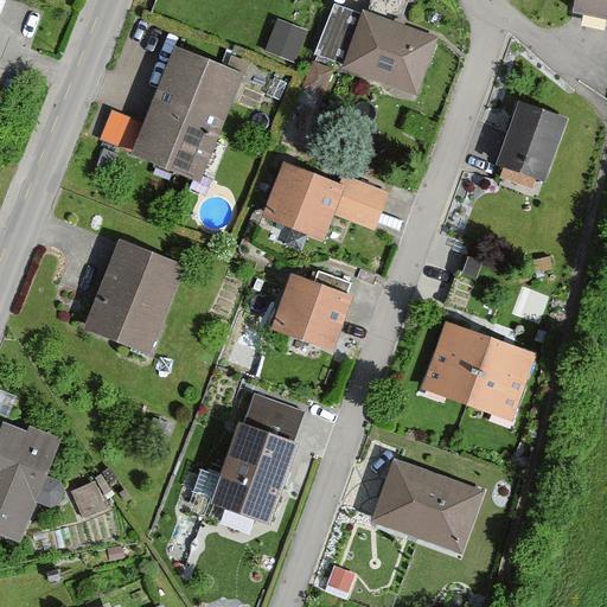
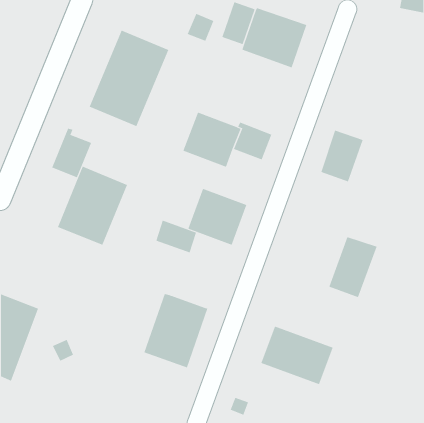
building: [500,109,562,184] -> [320,130,363,182]
building: none -> [52,128,92,178]
building: [418,319,496,410] -> none
building: [244,392,304,440] -> [155,220,197,253]

